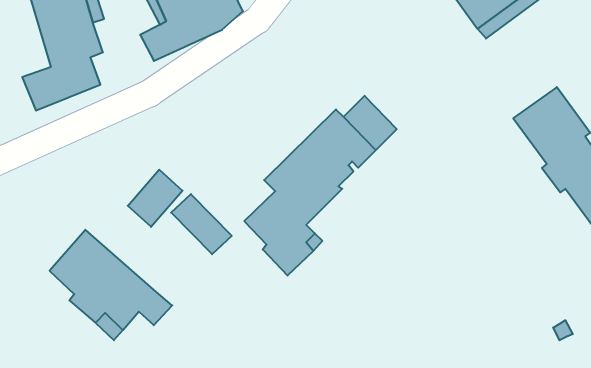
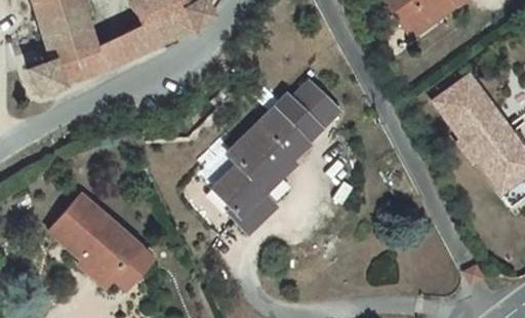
building: none -> [86,33,138,74]
building: [128,170,183,227] -> none
building: [171,194,232,254] -> none

